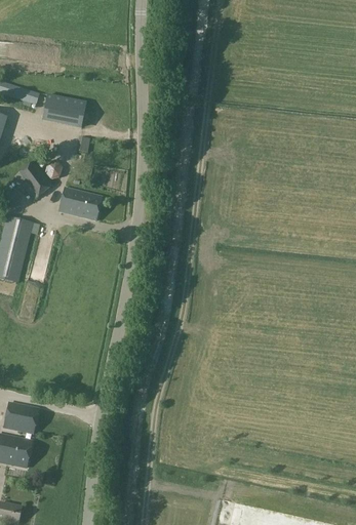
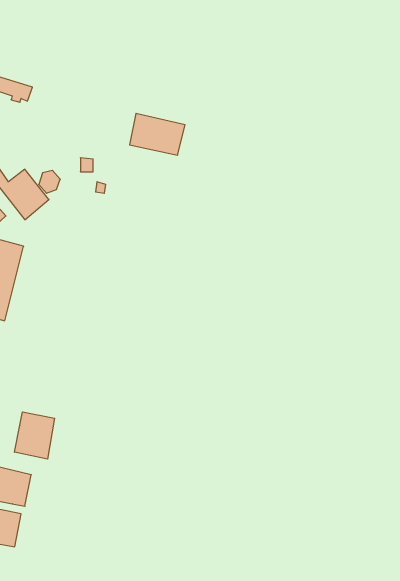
building: [41,92,86,126] -> [130,113,185,155]
building: [58,188,102,220] -> none
building: none -> [15,412,55,459]

